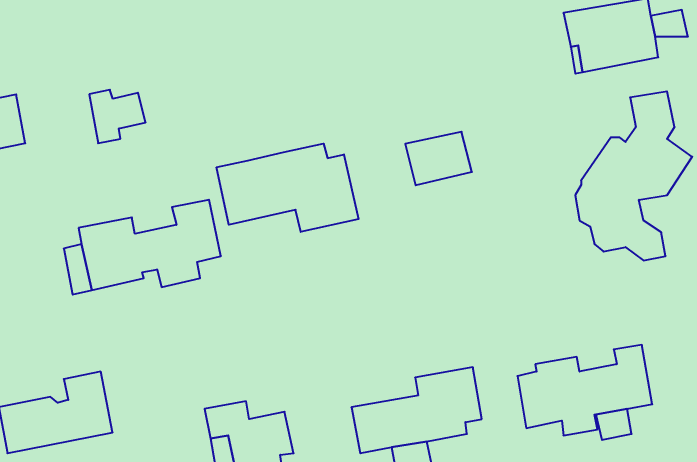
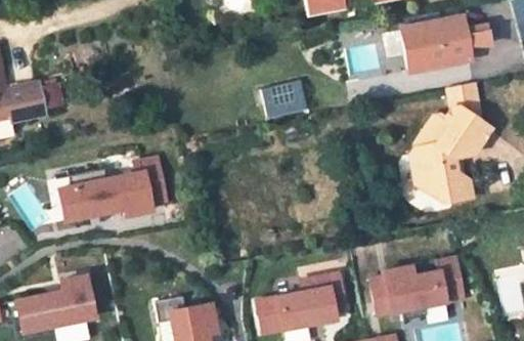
building: [89,90,146,143] -> [26,82,64,119]
building: [405,132,472,185] -> [262,81,308,118]
building: [217,144,359,232] -> none

